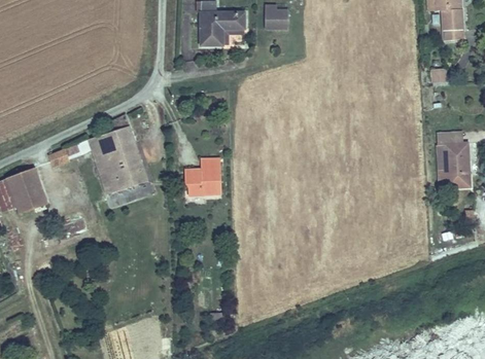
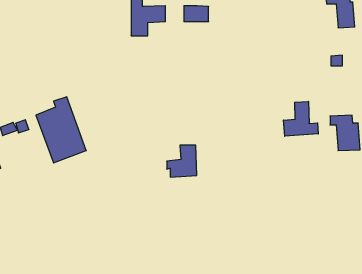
building: none -> [284,101,318,136]
building: [186,160,221,198] -> [167,145,197,177]

